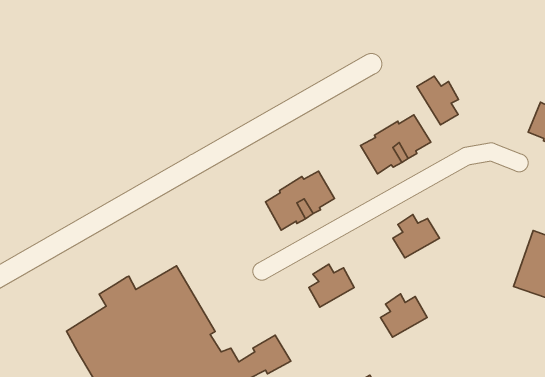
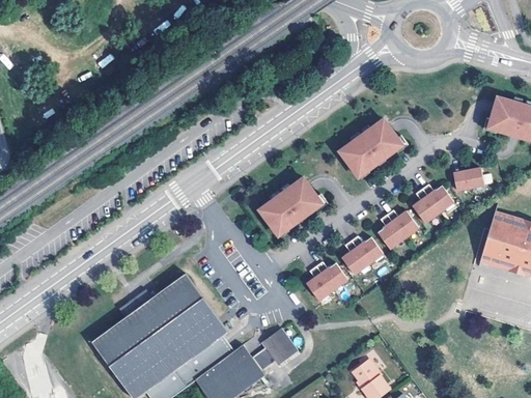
building: [417,76,458,125] -> none
building: none -> [452,168,483,190]
building: none -> [412,183,453,223]
building: [381,294,427,337] -> [341,235,383,275]

